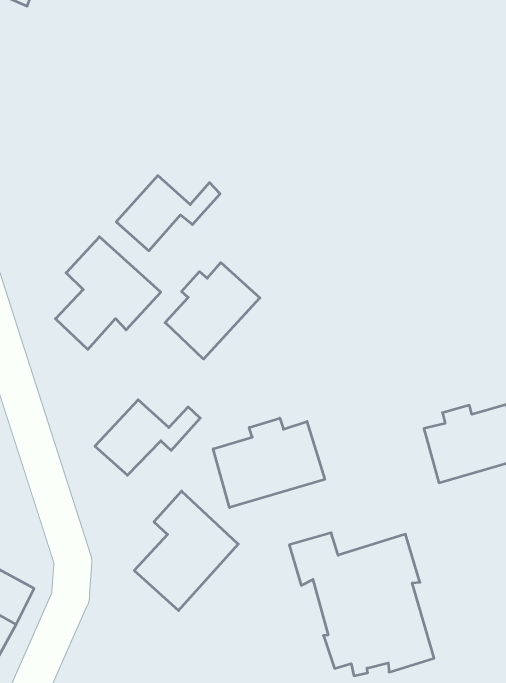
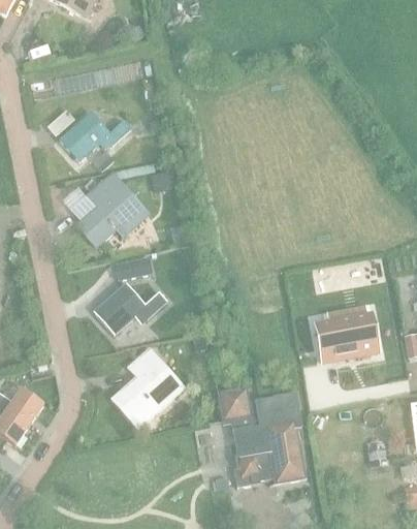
building: [116,176,220,251] -> [59,111,130,160]
building: [165,263,260,359] -> none
building: [213,418,325,508] -> none

